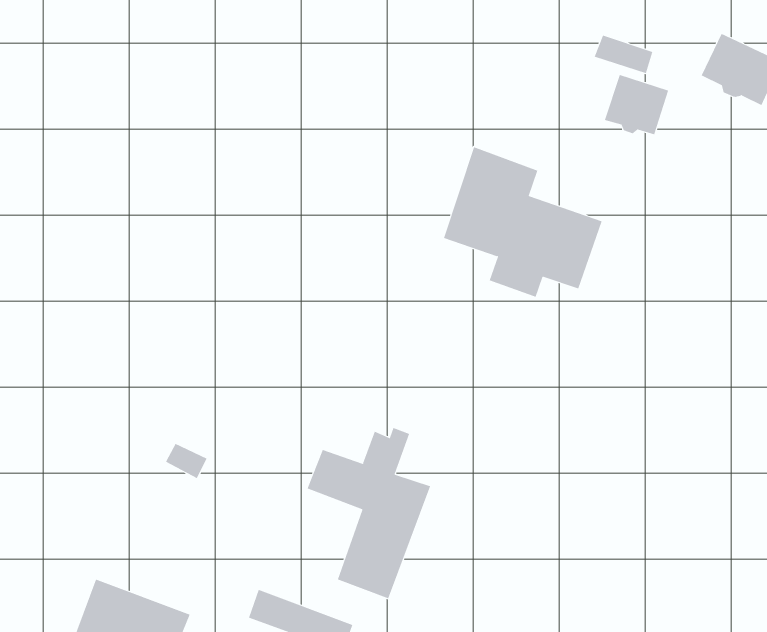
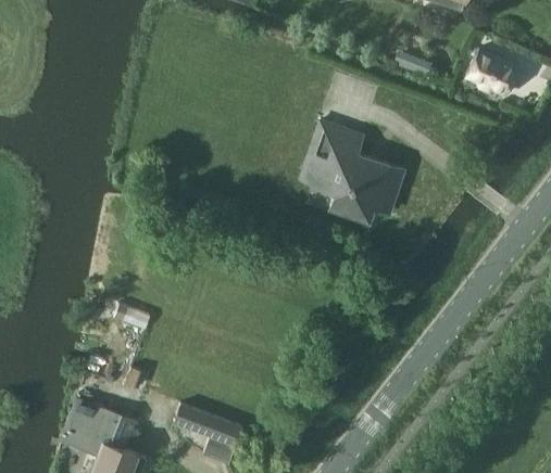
building: [604,74,669,135] -> none
building: [307,427,431,599] -> none

